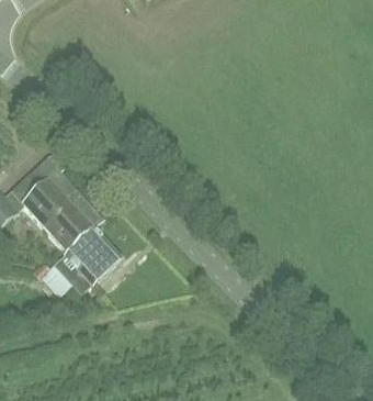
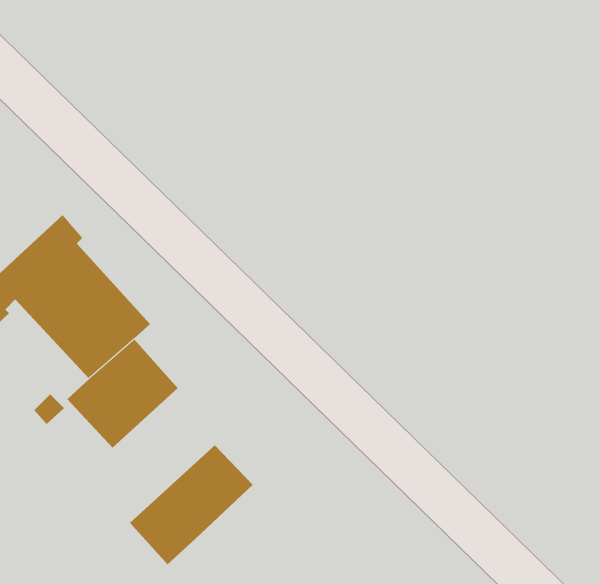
building: none -> [129,445,254,565]

